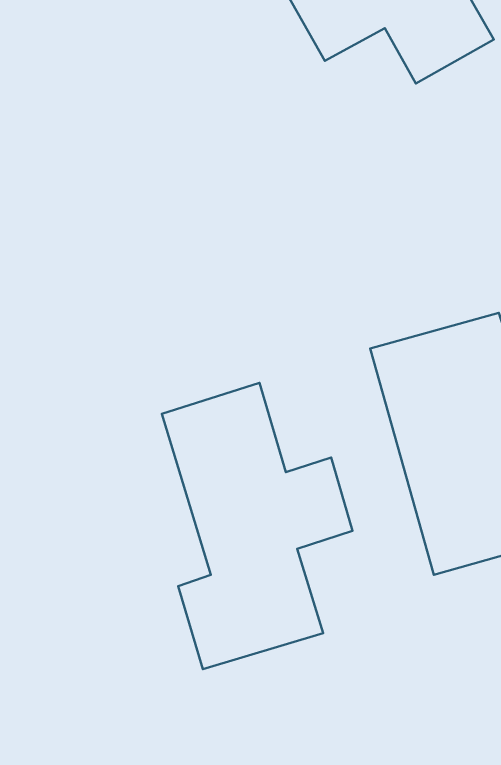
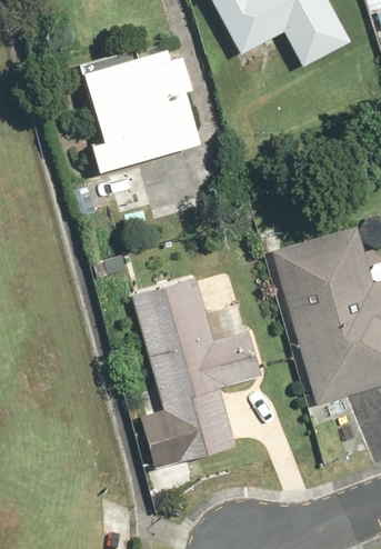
building: none -> [84,46,204,170]

